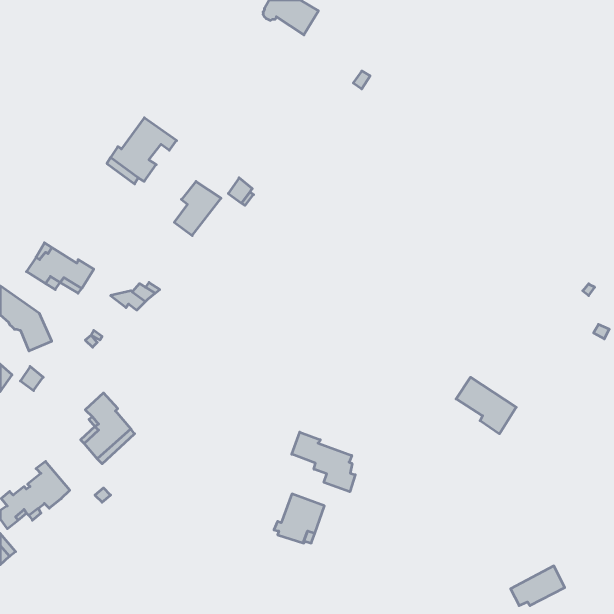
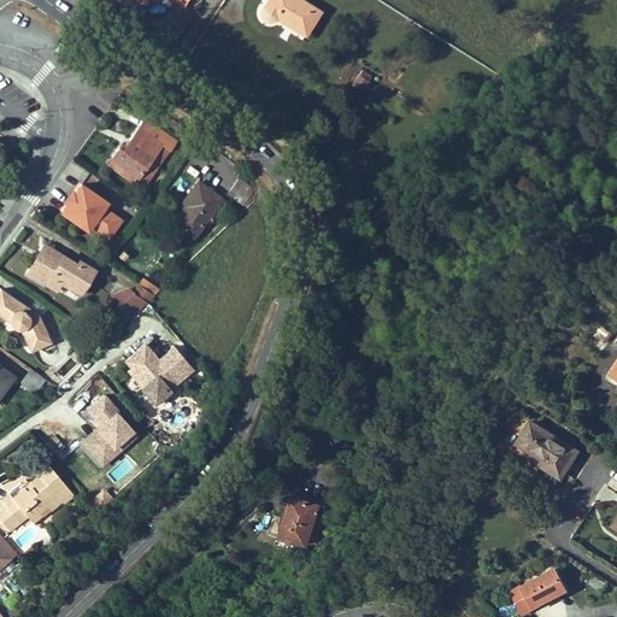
building: none -> [60,184,121,237]
building: none -> [122,346,193,405]
building: [456,377,516,434] -> [517,421,577,477]
building: [292,432,355,492] -> none

